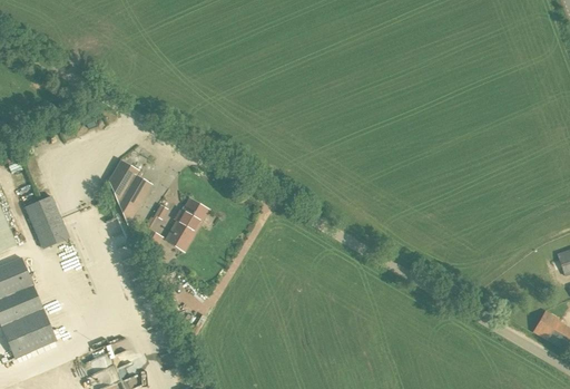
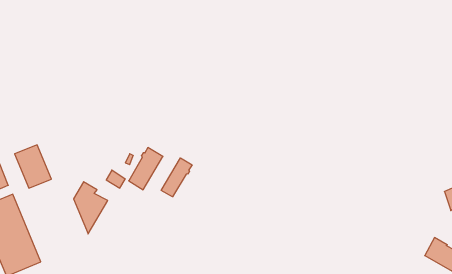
building: [109,161,151,225] -> [74,182,108,234]
building: none -> [161,158,192,197]

